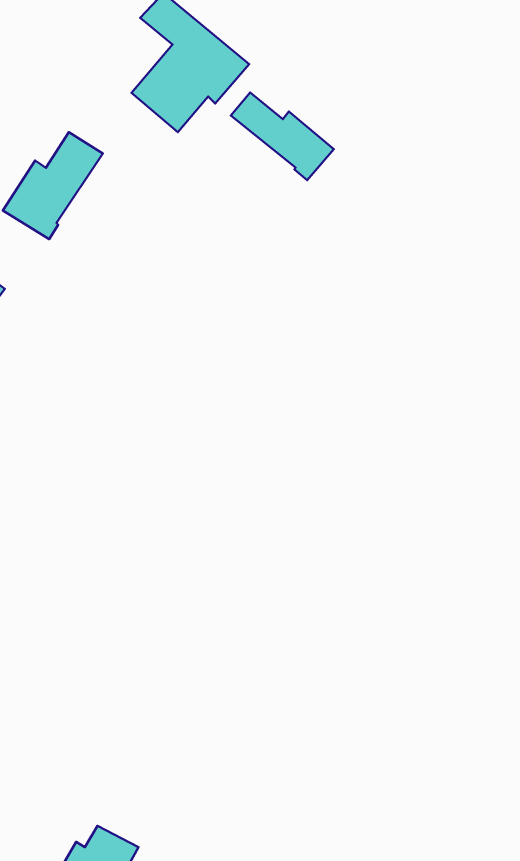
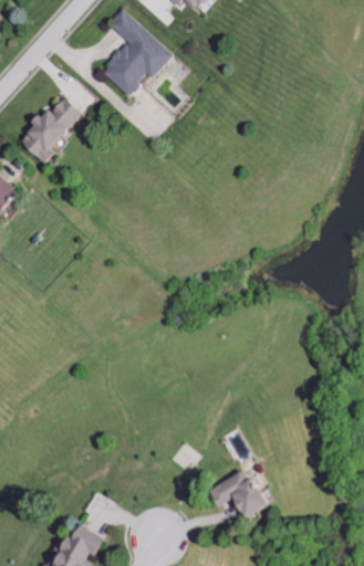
building: [231,92,334,180] -> none
building: none -> [210,472,273,518]

